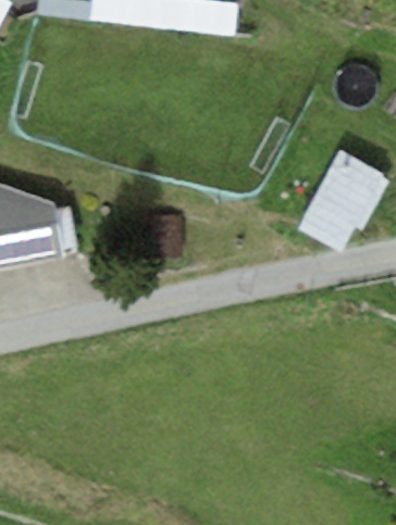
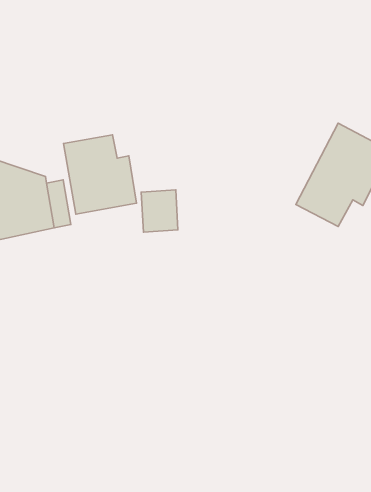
building: none -> [63,135,137,214]

